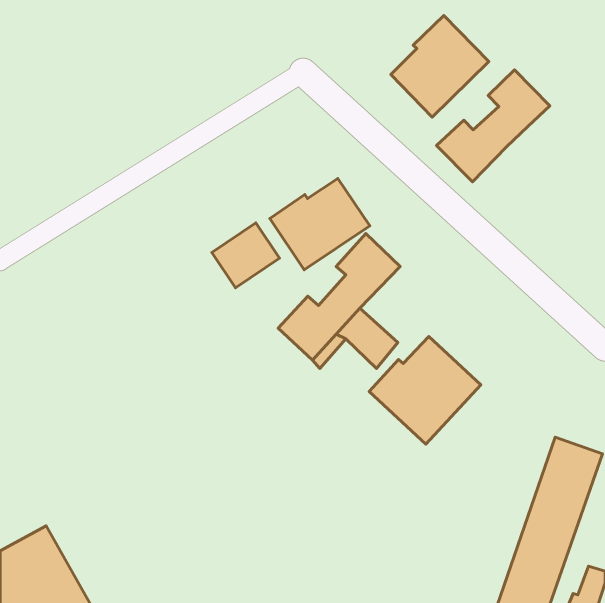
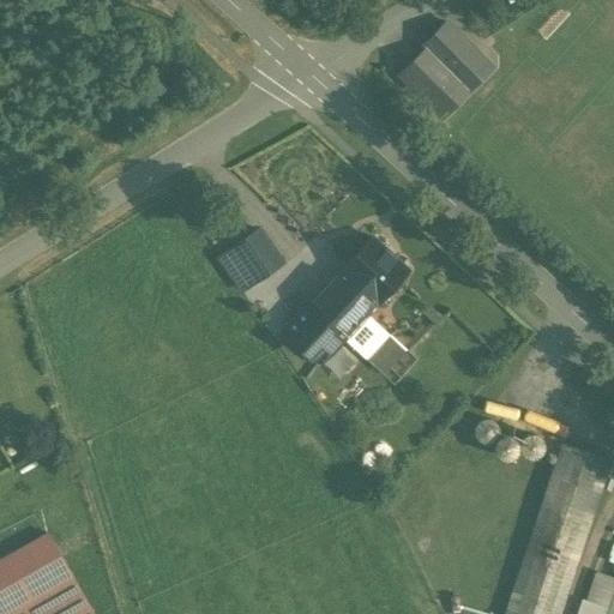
building: [436,70,550,182] -> none
building: [270,178,370,270] -> none
building: [369,337,481,444] -> none

